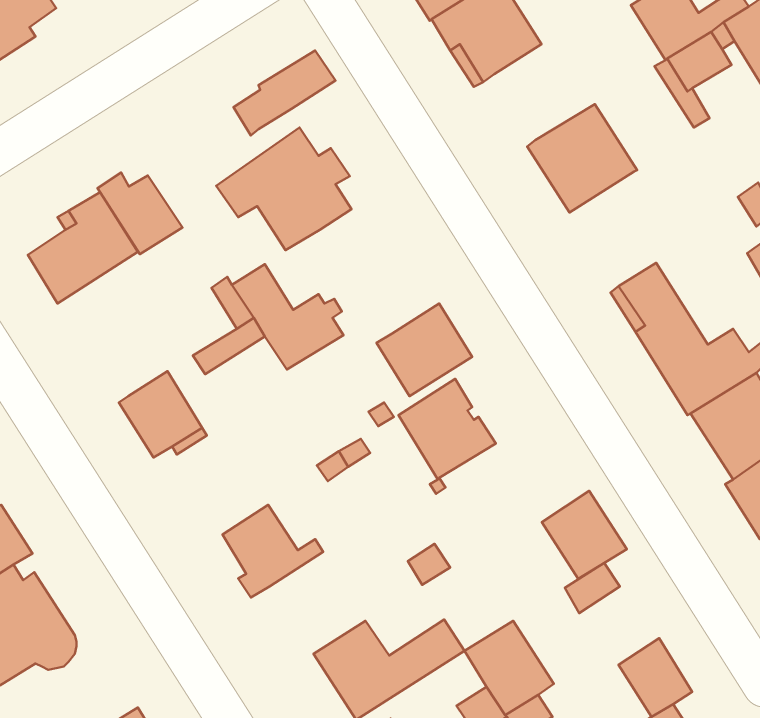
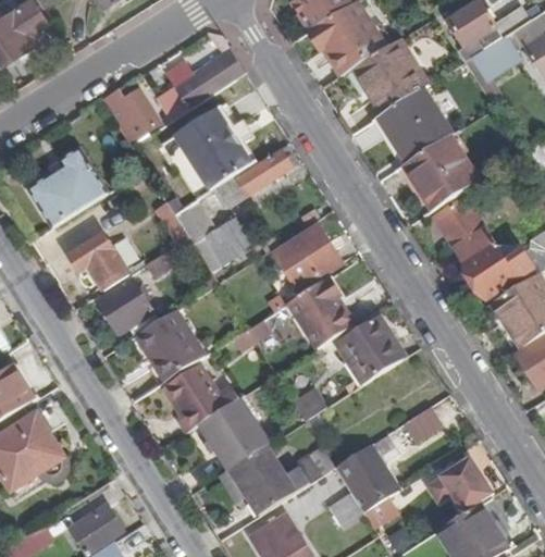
building: none -> [354,38,428,112]
building: none -> [402,134,480,209]
building: [98,172,182,254] -> [100,87,159,144]
building: none -> [207,149,289,208]
building: none -> [66,232,127,289]
building: none -> [135,309,203,380]
building: [542,491,627,579] -> [342,319,400,380]
building: none -> [198,396,267,468]

